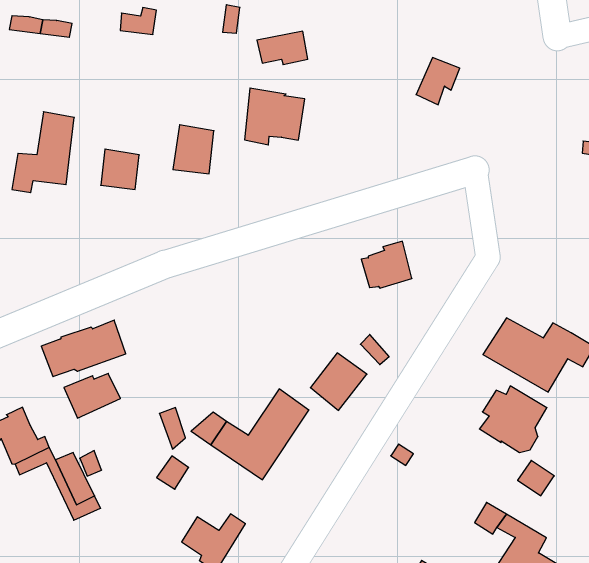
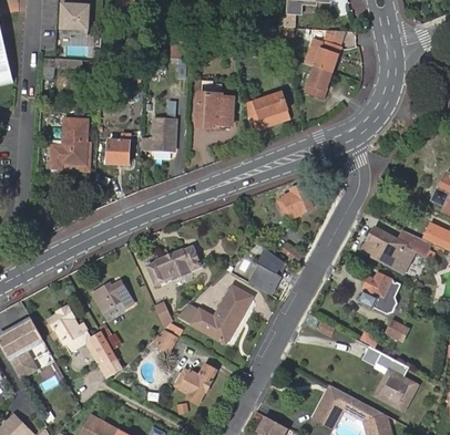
building: none -> [314,41,337,71]
building: [257,31,308,65] -> [253,91,286,113]
building: [41,320,126,377] -> [147,246,202,284]

